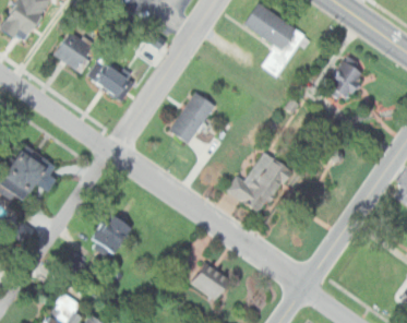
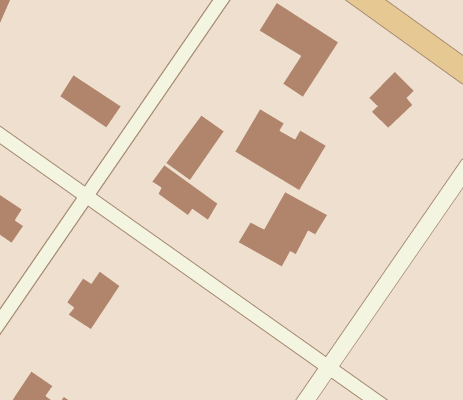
building: [52,29,95,72] -> none
building: none -> [234,108,327,191]
building: none -> [151,164,218,221]
building: [190,261,231,301] -> none

